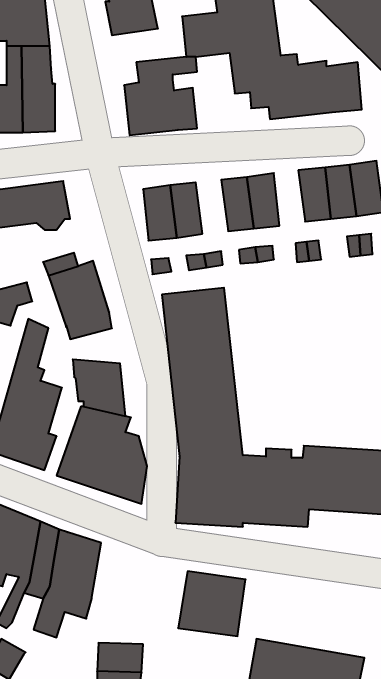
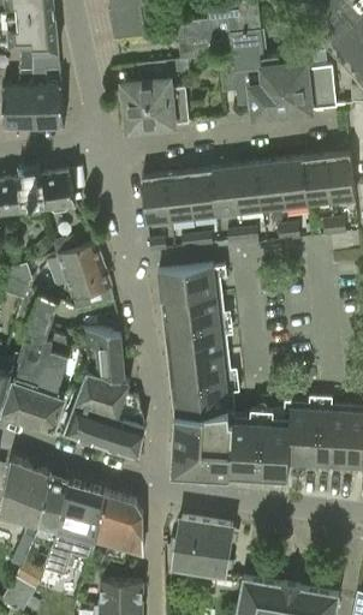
building: none -> [257,161,285,210]
building: none -> [188,169,216,217]
building: none -> [93,492,142,560]

